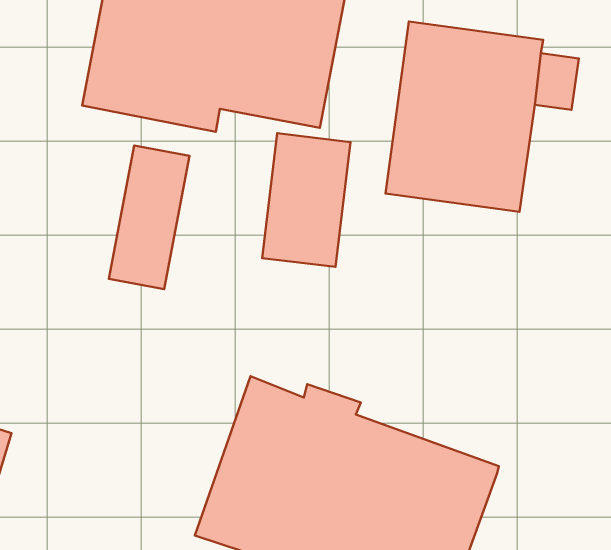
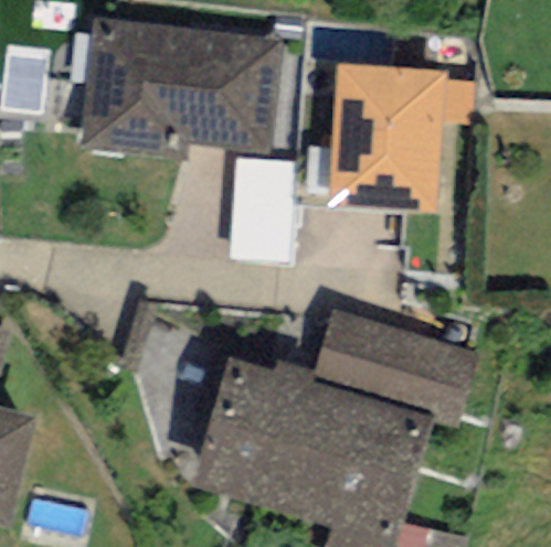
building: [109,145,190,289] -> none
building: none -> [312,311,477,428]

